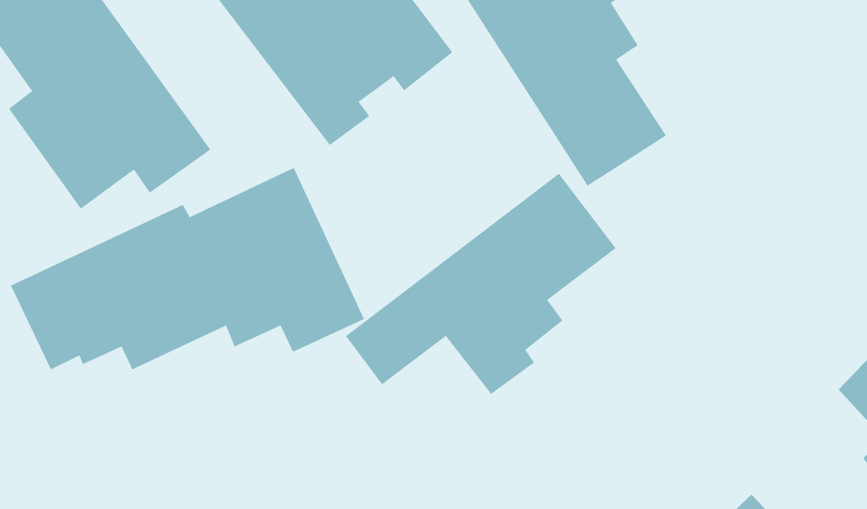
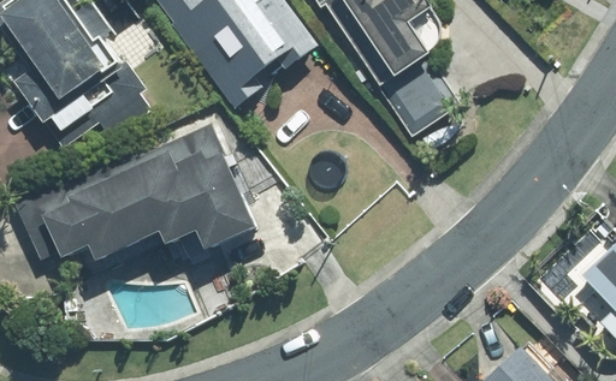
building: [345,173,617,395] -> none

